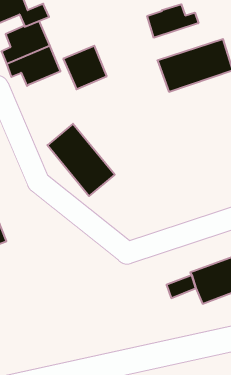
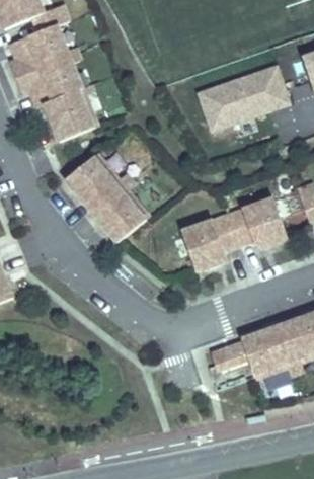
building: [147,4,198,38] -> none
building: [63,46,107,89] -> [43,92,96,146]
building: none -> [180,199,287,273]

